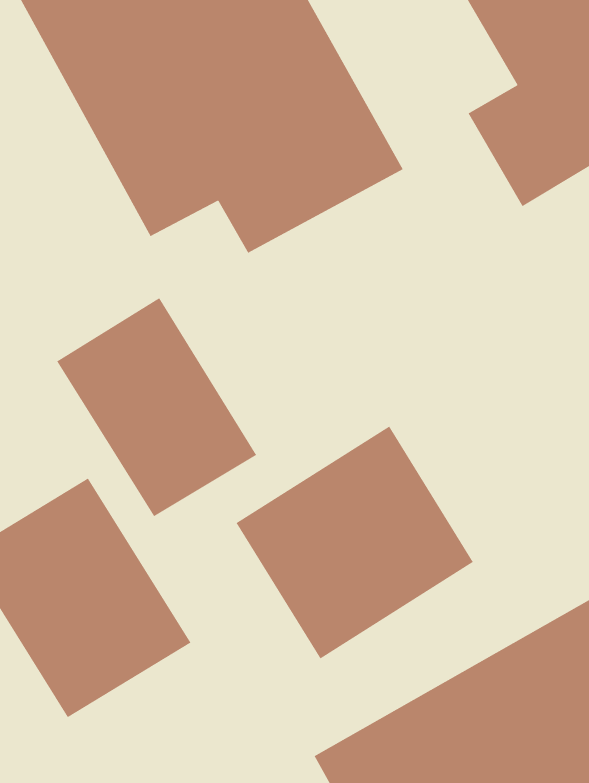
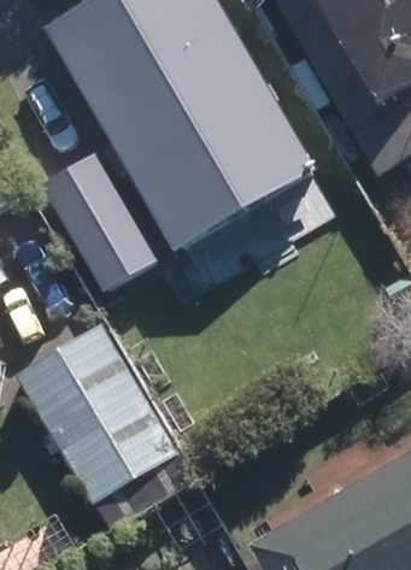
building: [235,426,474,659] -> none

